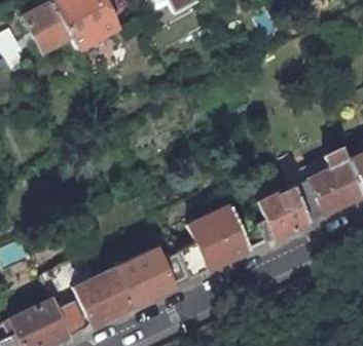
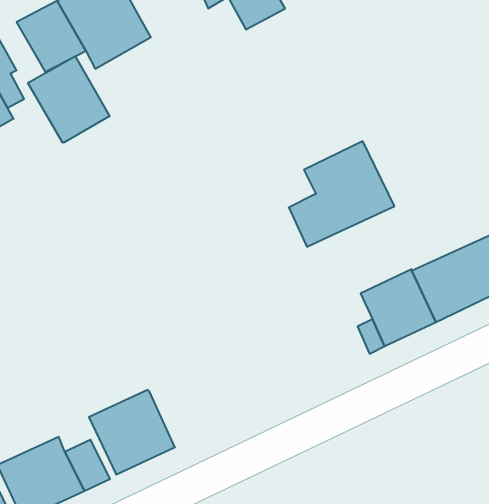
building: none -> [28,56,110,143]
building: [180,205,252,277] -> [289,141,394,247]
building: [115,248,175,306] -> none

